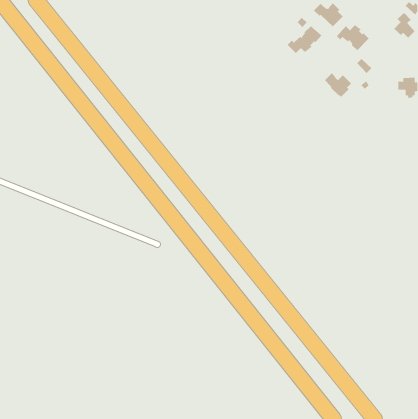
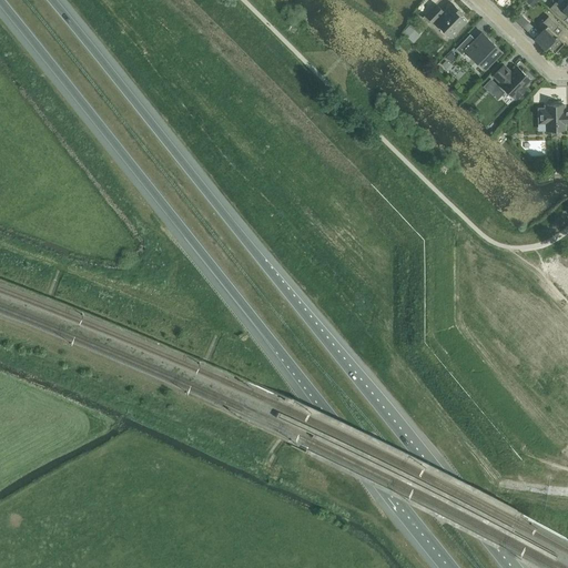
building: [287,25,322,54] -> none
building: [324,72,352,98] -> [491,64,529,99]

